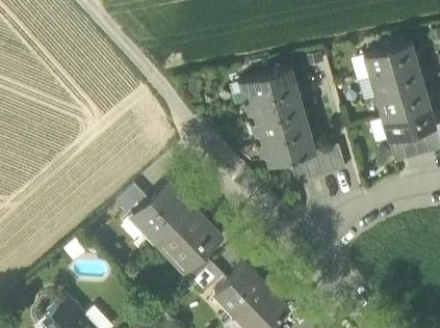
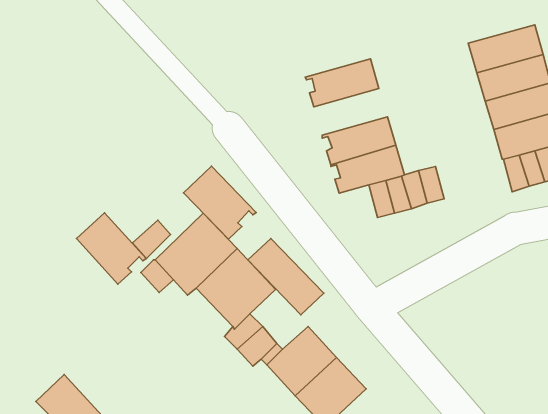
building: [249,89,303,124] -> none
building: none -> [184,166,256,239]
building: none -> [76,213,146,284]
building: none -> [248,238,324,315]

